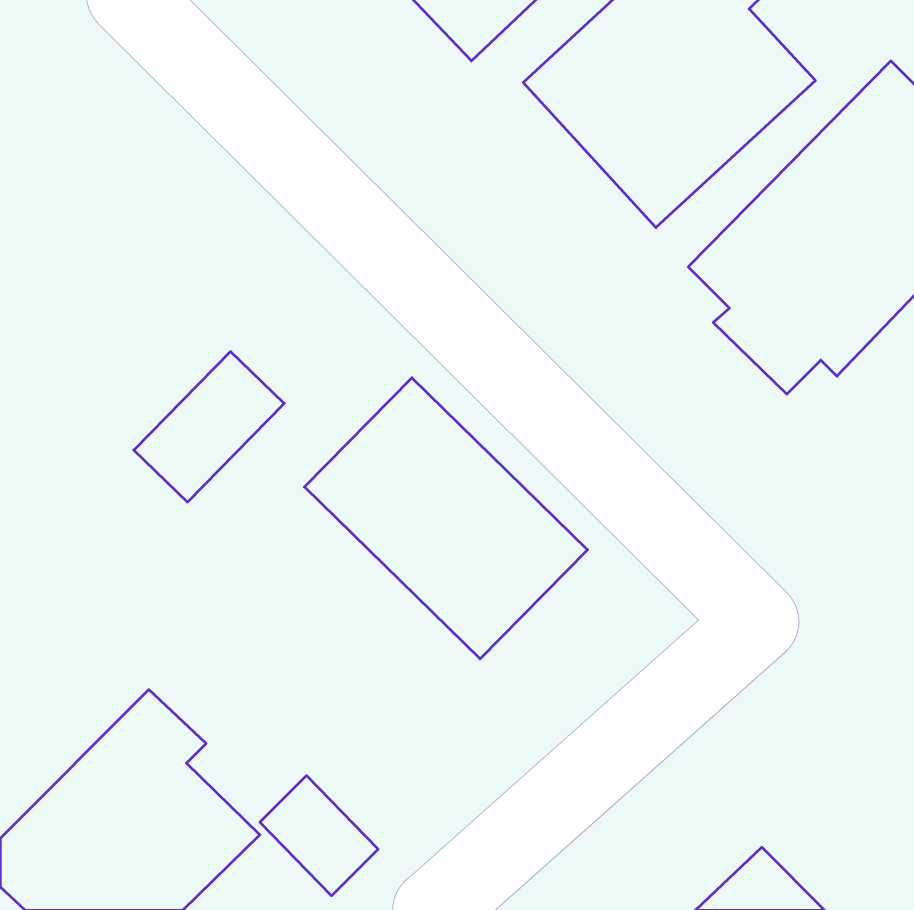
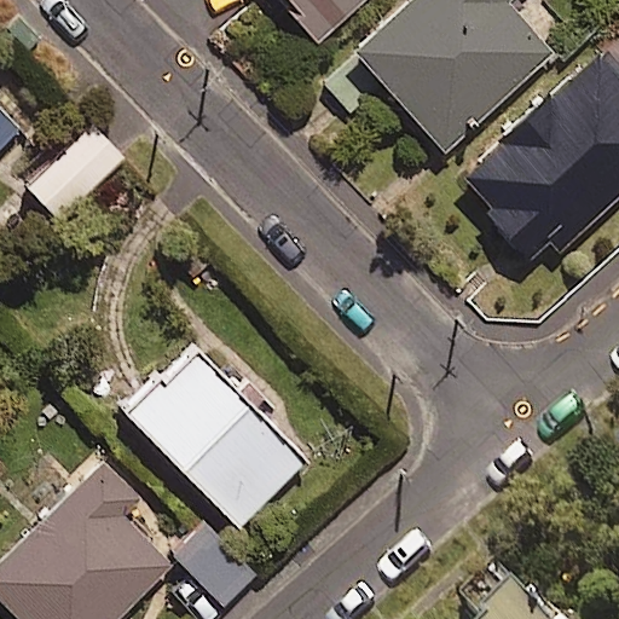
building: [134,352,284,502] -> [27,121,128,222]
building: [304,378,588,659] -> [121,340,312,530]

